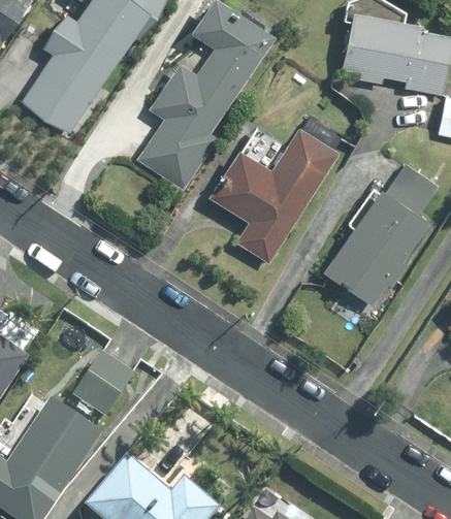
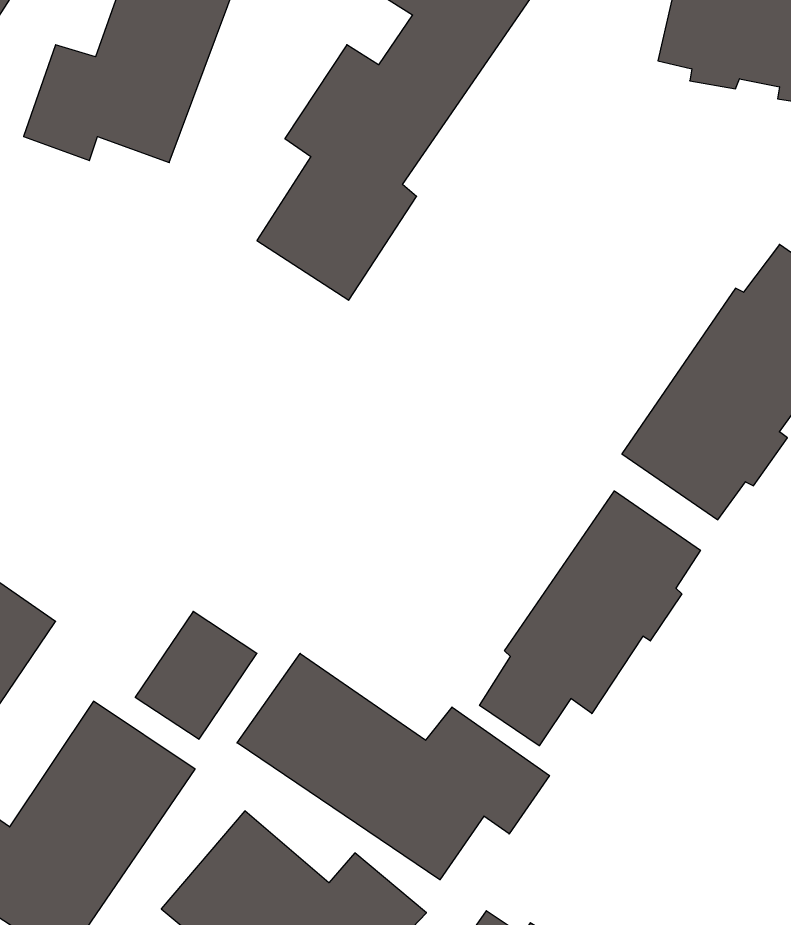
building: [208,121,341,264] -> none
building: none -> [480,491,700,746]
building: none -> [237,653,549,880]

